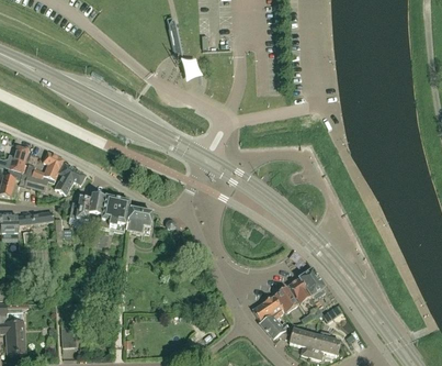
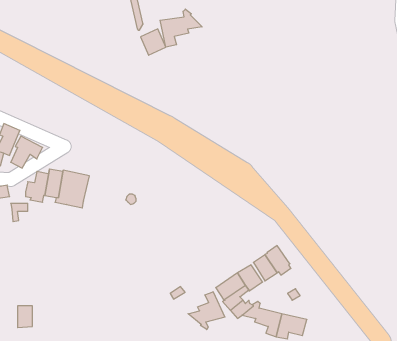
building: none -> [160,9,202,47]
building: [126,209,152,233] -> none
building: none -> [188,292,225,330]

